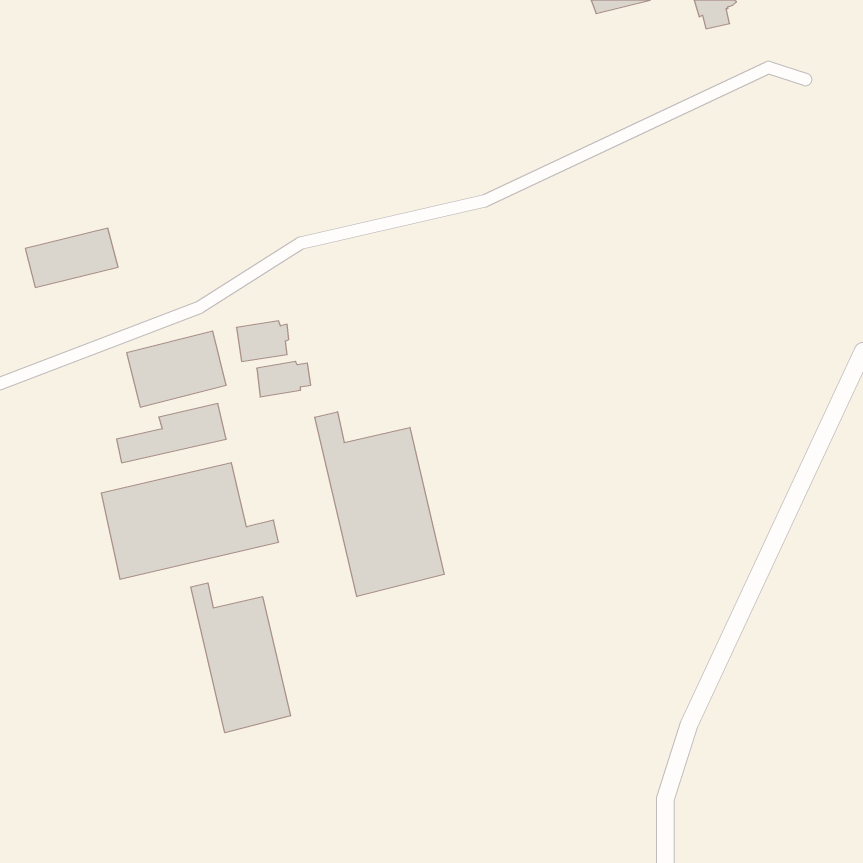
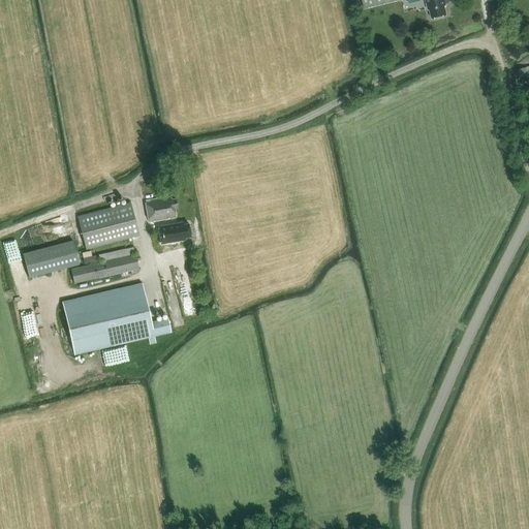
building: [25,228,118,287] -> [22,240,79,276]
building: [315,412,444,597] -> none
building: [191,583,290,733] -> none

